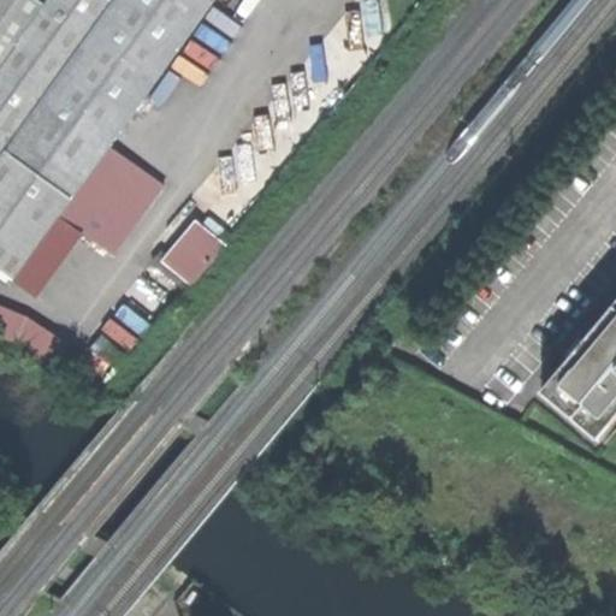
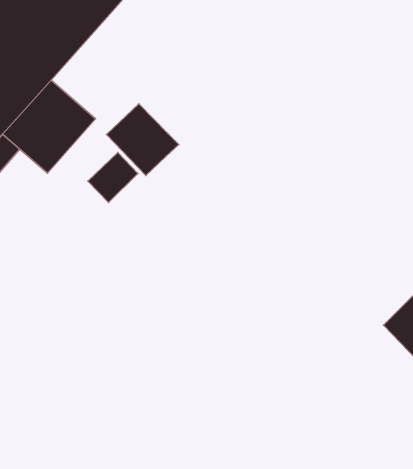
building: none -> [106,104,179,176]

